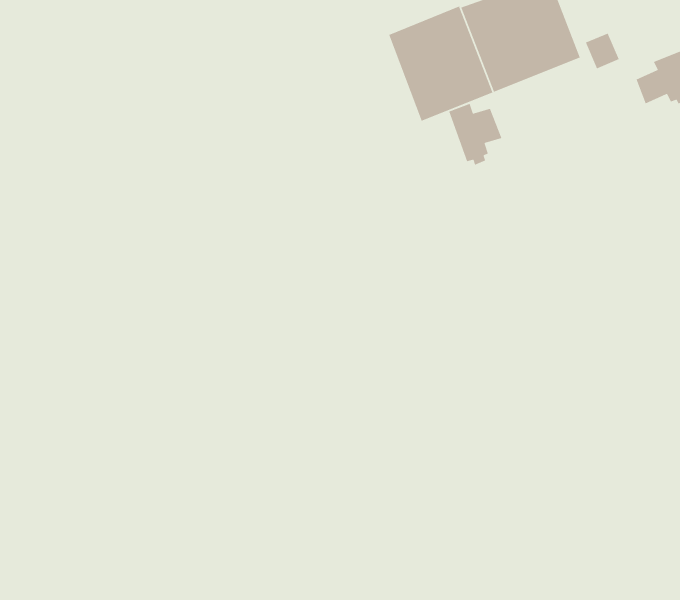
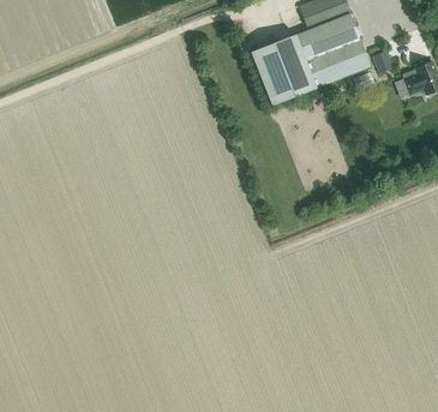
building: [448,103,503,166] -> none

